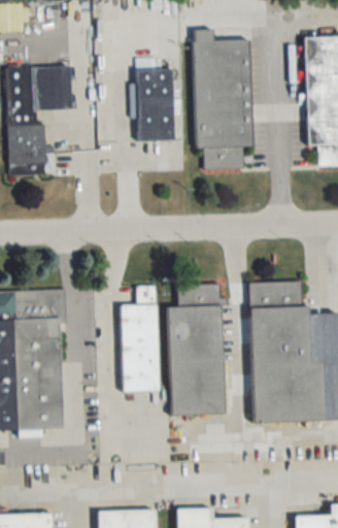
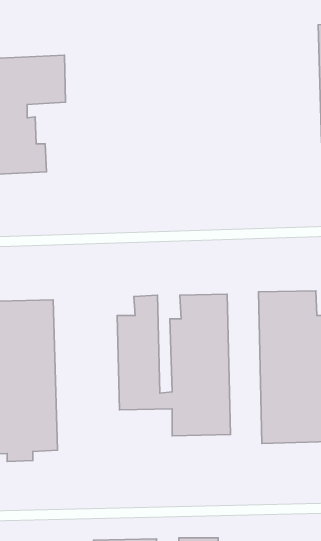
building: [193,29,252,168] -> none
building: [137,68,174,140] -> none

